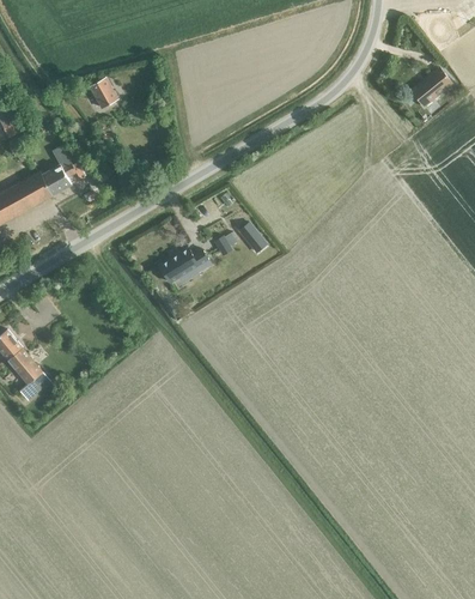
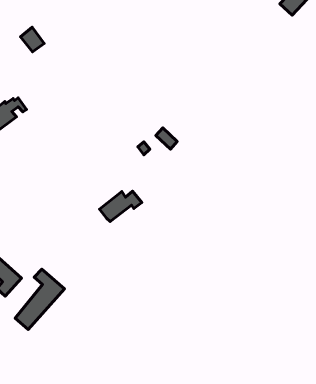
building: [159,249,212,284] -> [100,191,142,222]
building: none -> [15,269,64,329]

